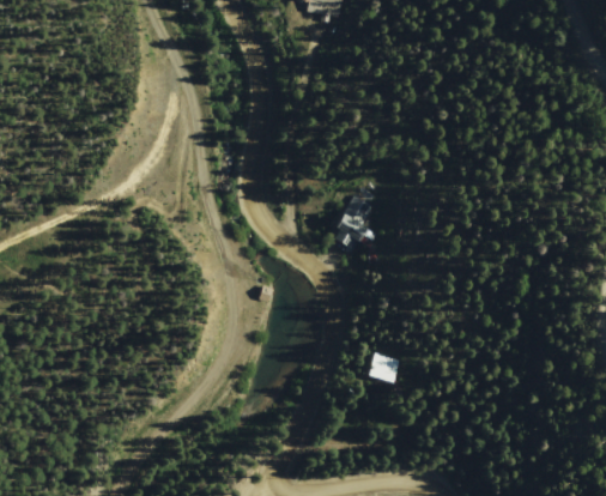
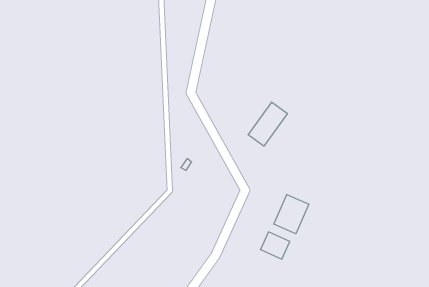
building: none -> [274,194,309,234]

